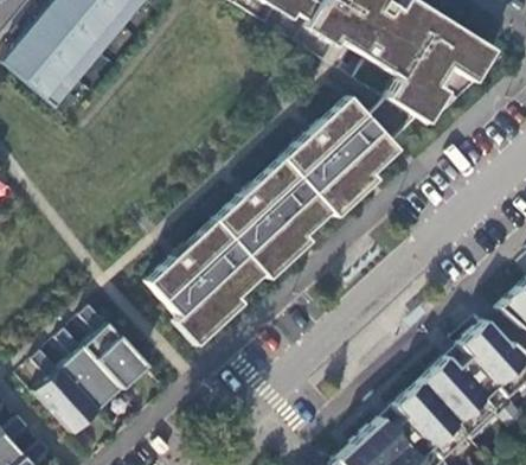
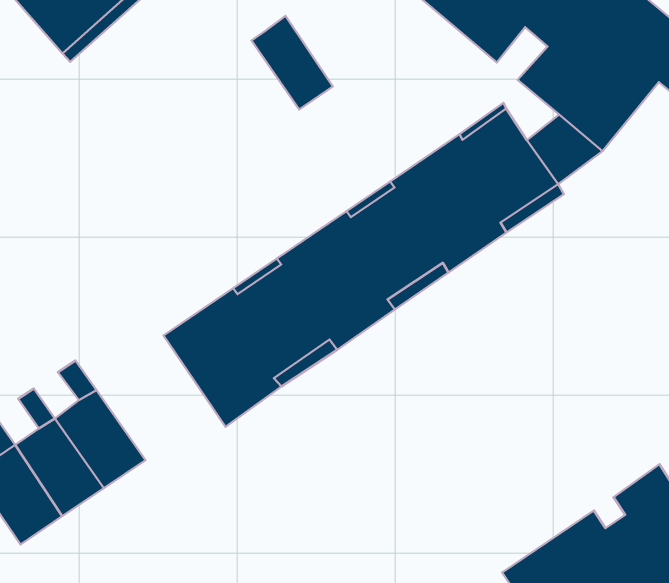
building: none -> [251,16,333,109]

